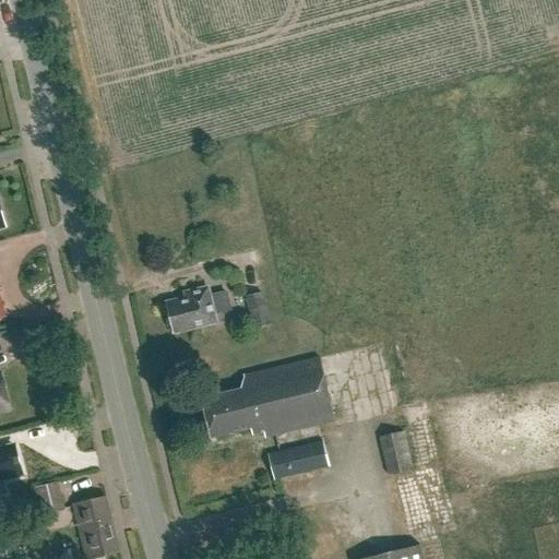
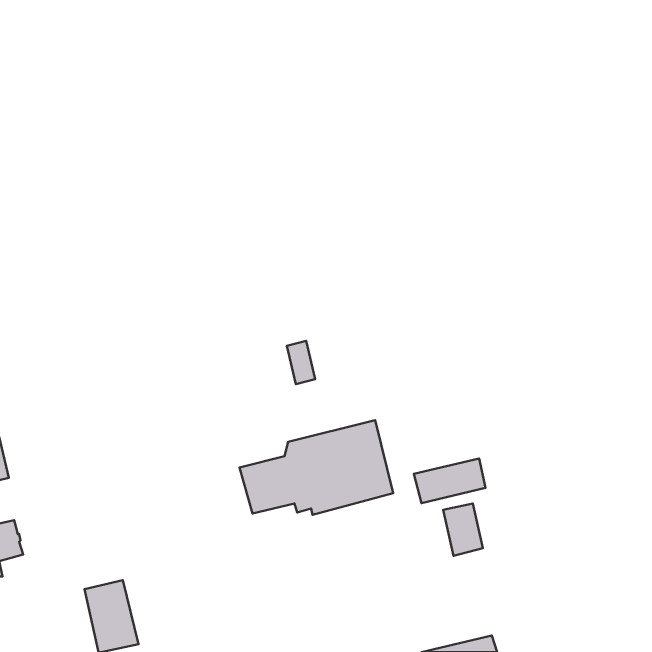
building: [168,288,231,332] -> none
building: [266,439,328,477] -> [414,458,486,503]
building: [33,479,63,511] -> none

